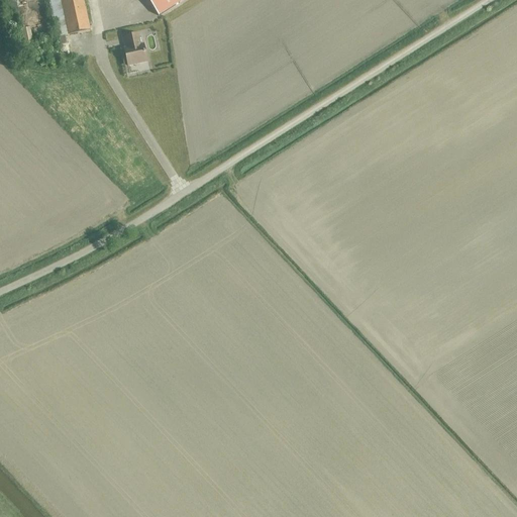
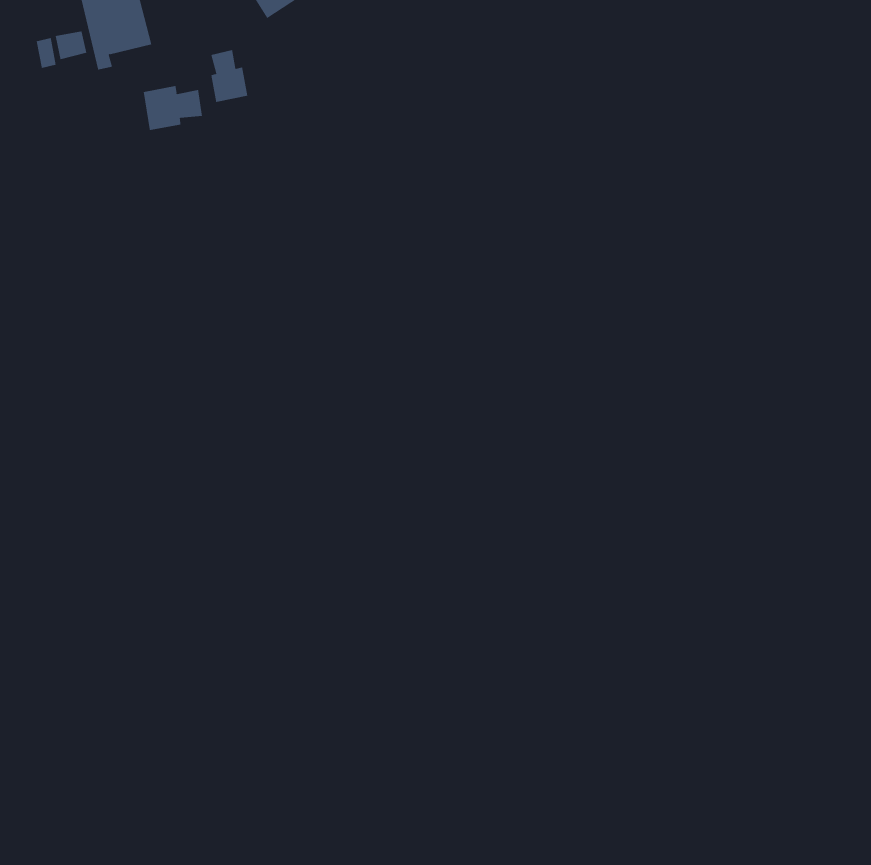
building: none -> [143,85,202,131]

